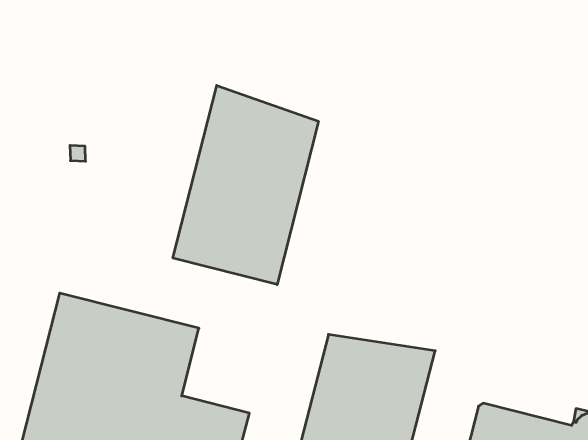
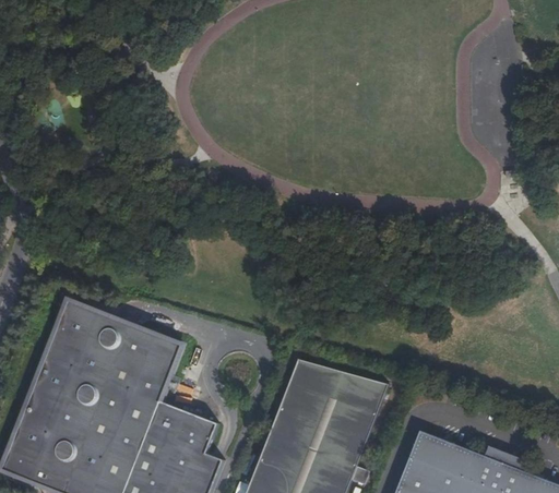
building: [173,85,318,285] -> none

